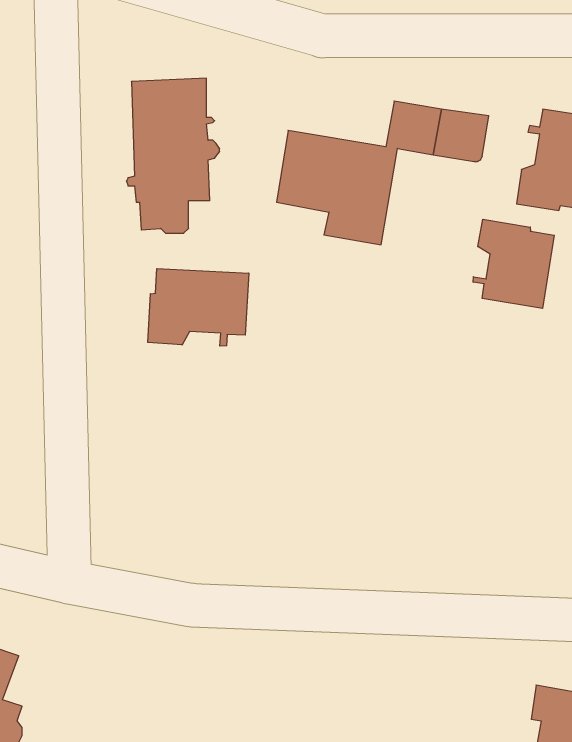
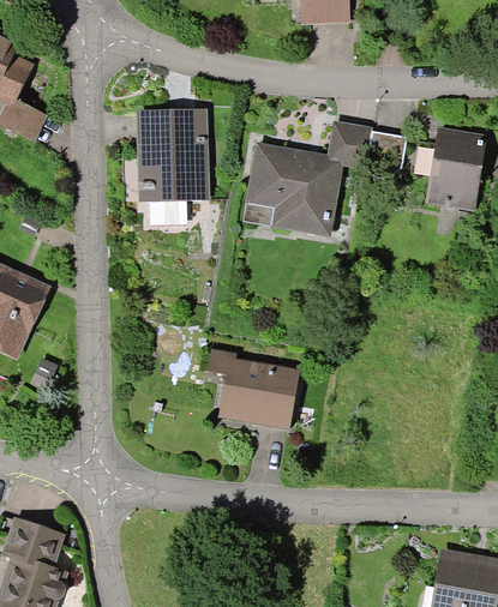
building: [473,219,554,308] -> none
building: [148,269,249,346] -> none
building: none -> [223,359,299,428]

